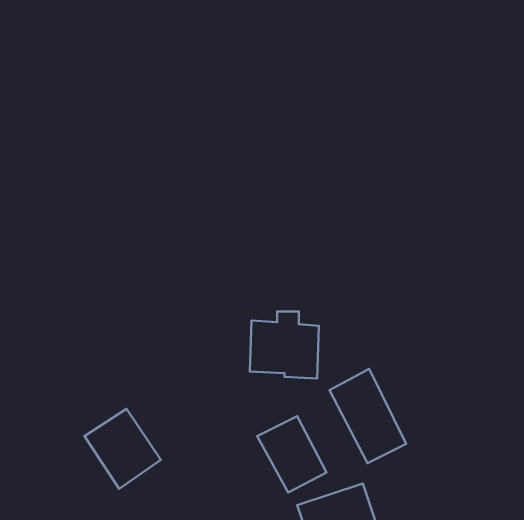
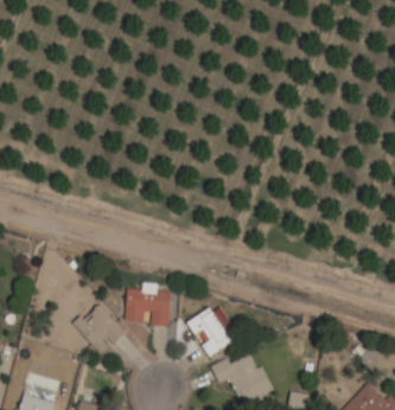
building: [250,311,319,379] -> [125,282,170,326]
building: [330,369,406,463] -> none

